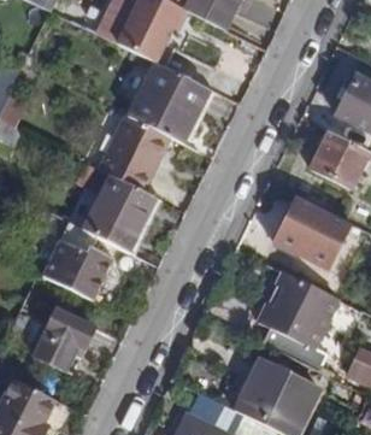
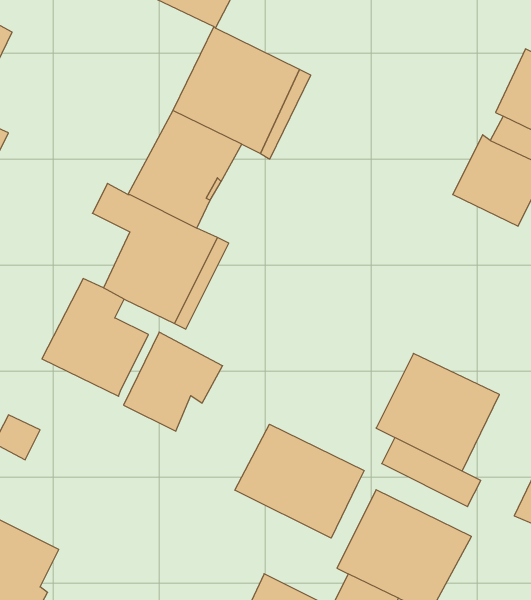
building: [272,195,353,269] -> none
building: [34,307,98,371] -> [124,332,223,431]
building: none -> [235,424,364,538]

